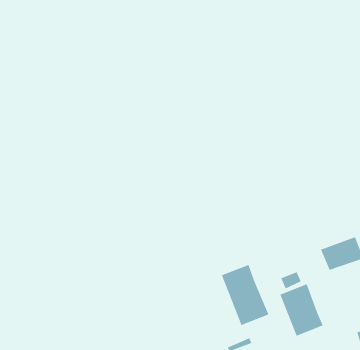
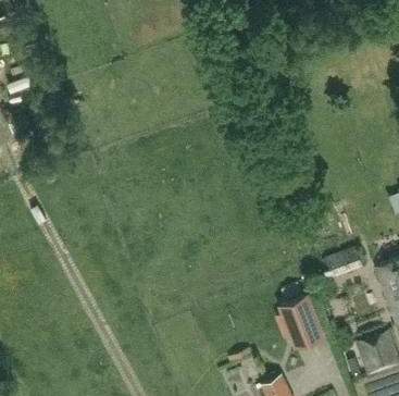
building: [221,264,269,326] -> none

